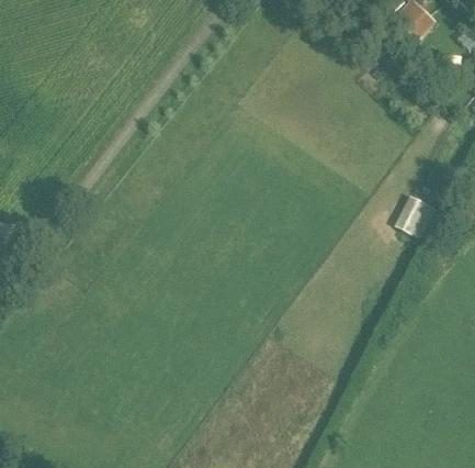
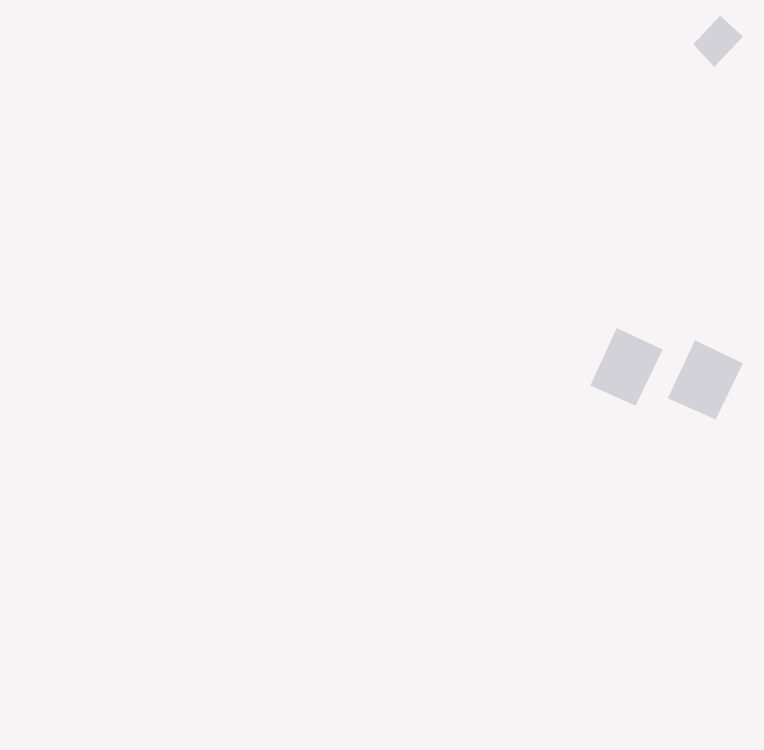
building: none -> [589,327,663,406]

